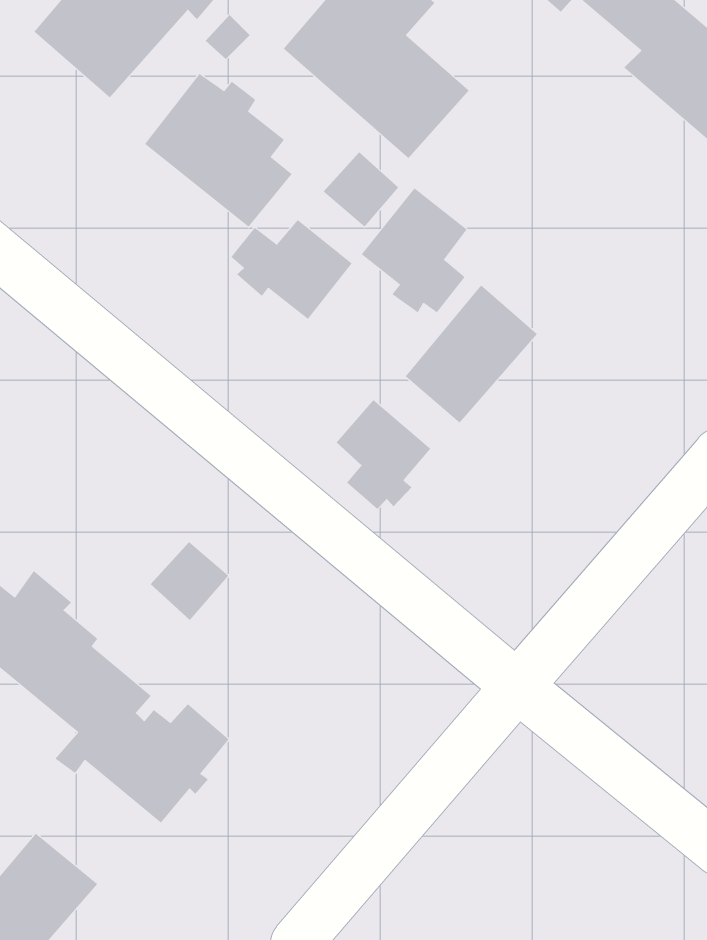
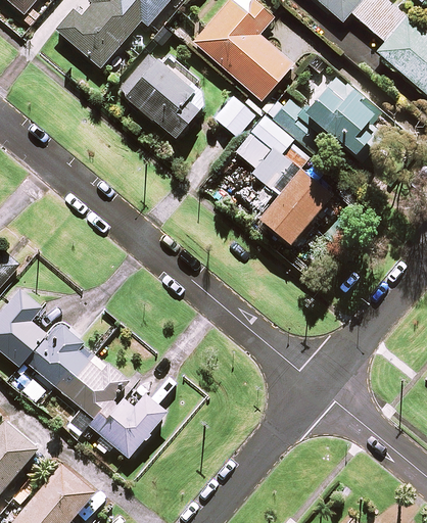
building: none -> [273,78,373,153]
building: [230,219,352,320] -> none
building: [336,399,431,510] -> none
building: [150,541,229,621] -> none

